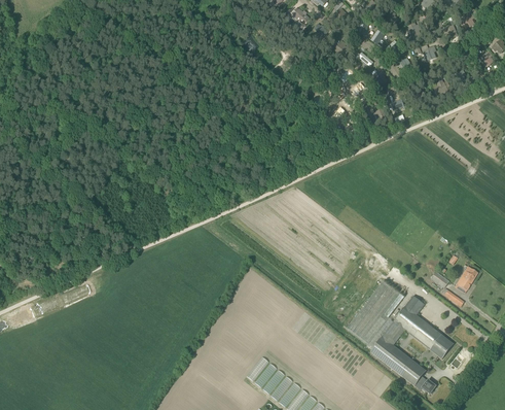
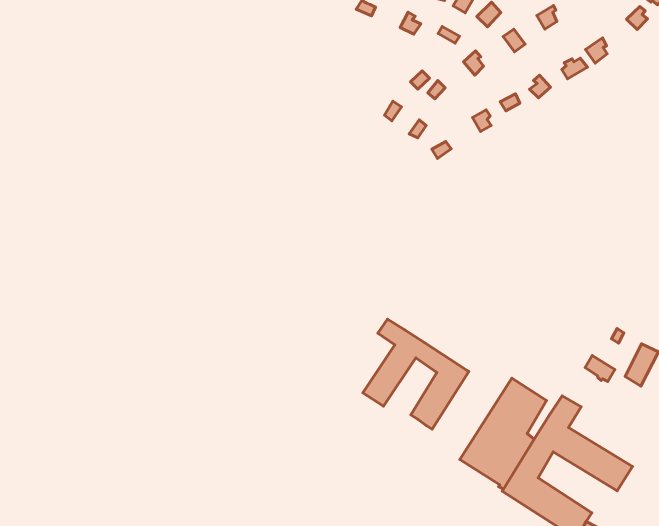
building: none -> [363,319,469,429]

